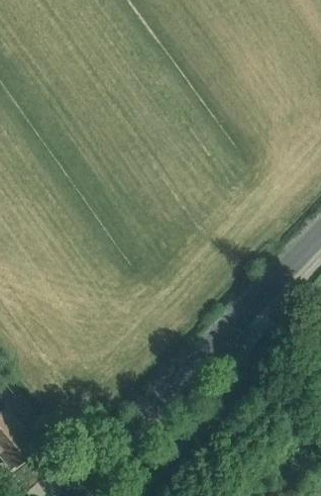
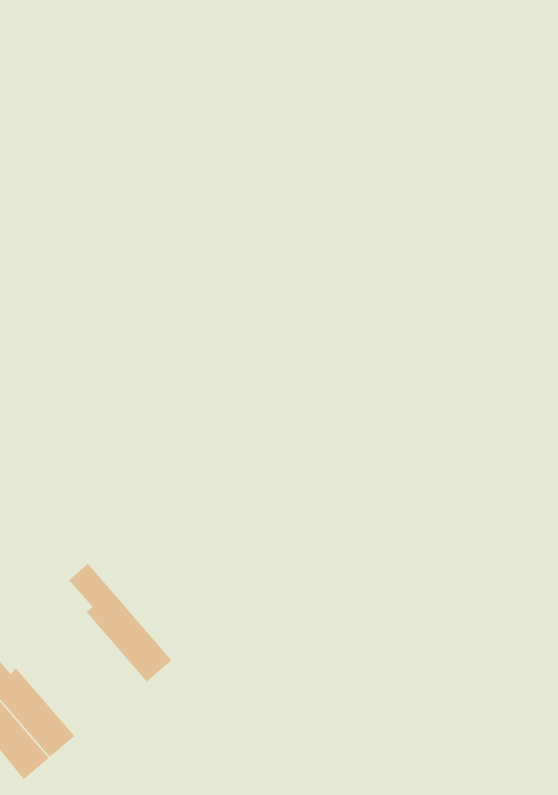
building: none -> [69,563,172,683]

